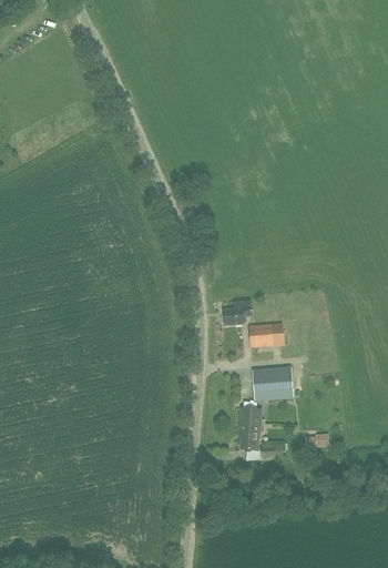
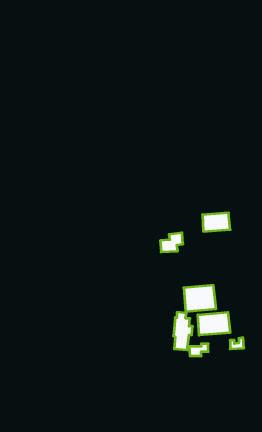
building: [248,323,284,346] -> [202,213,230,231]
building: none -> [198,312,230,335]

